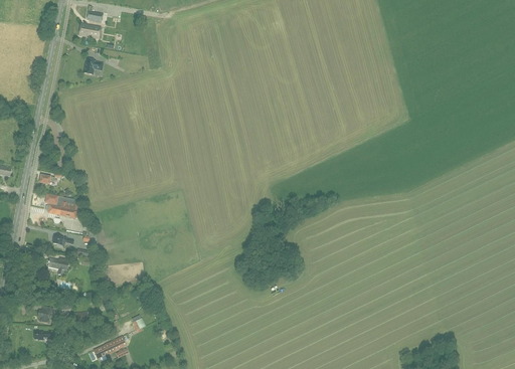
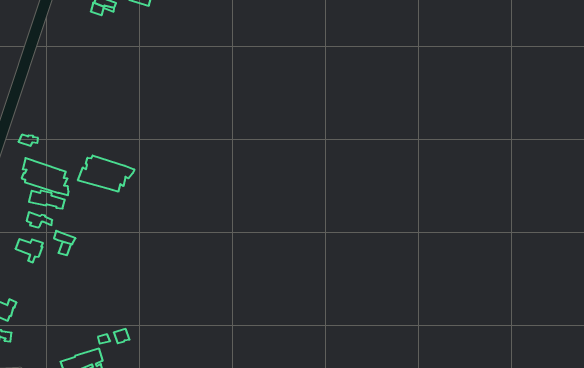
building: none -> [78,155,134,192]

